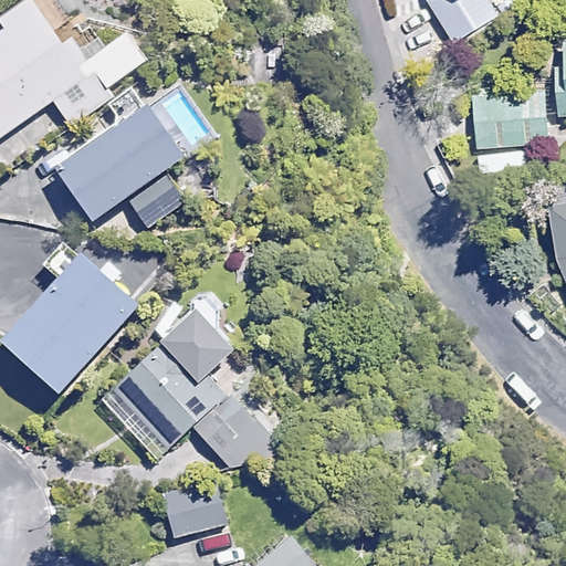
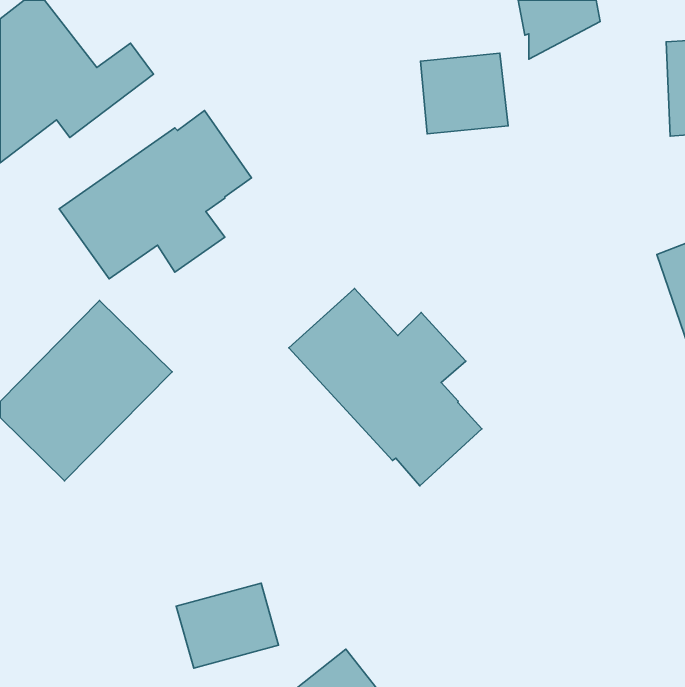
building: [472,87,544,154] -> [421,53,508,134]
building: none -> [289,289,482,486]
building: [95,305,270,472] -> none

